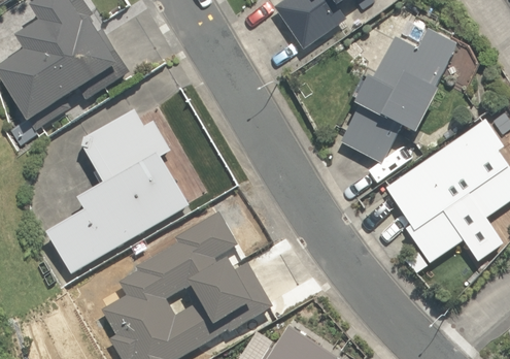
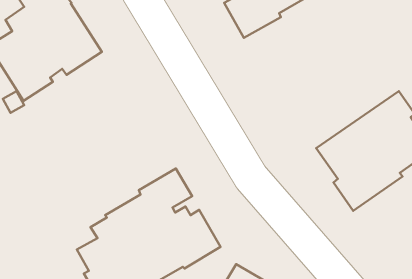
building: [340,29,456,163] -> none
building: [45,109,189,274] -> none

